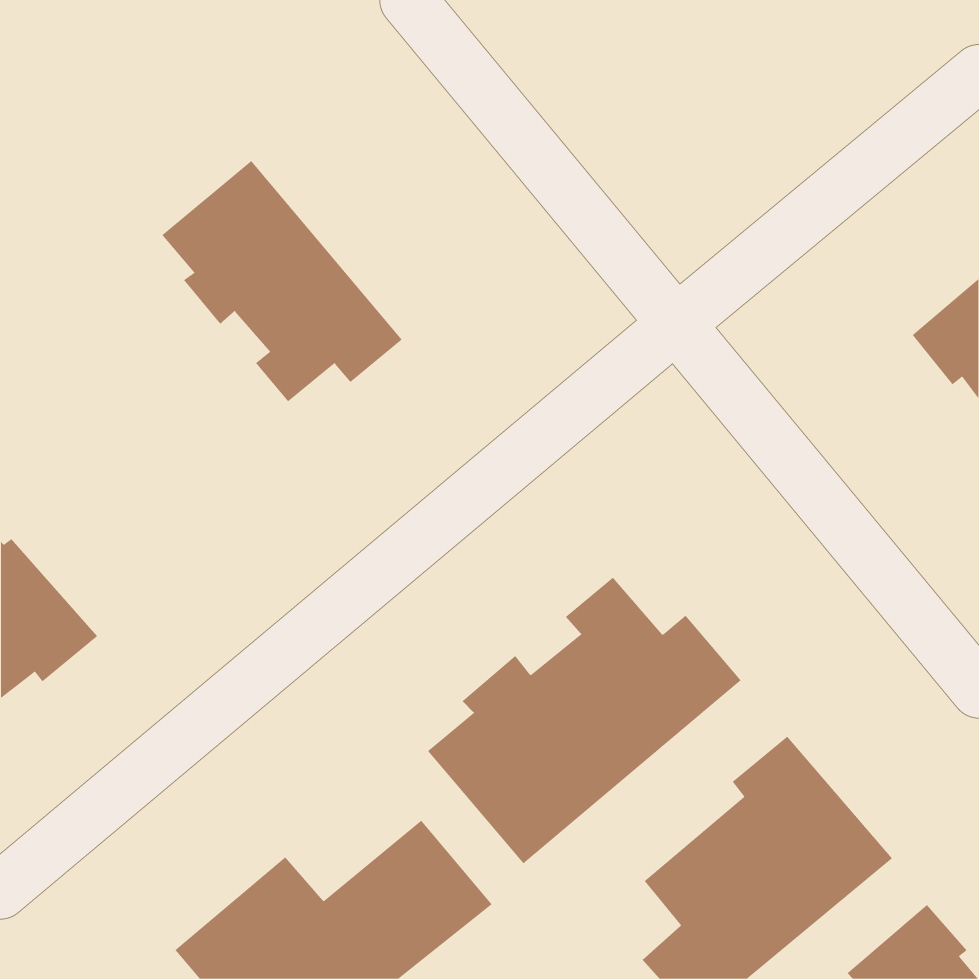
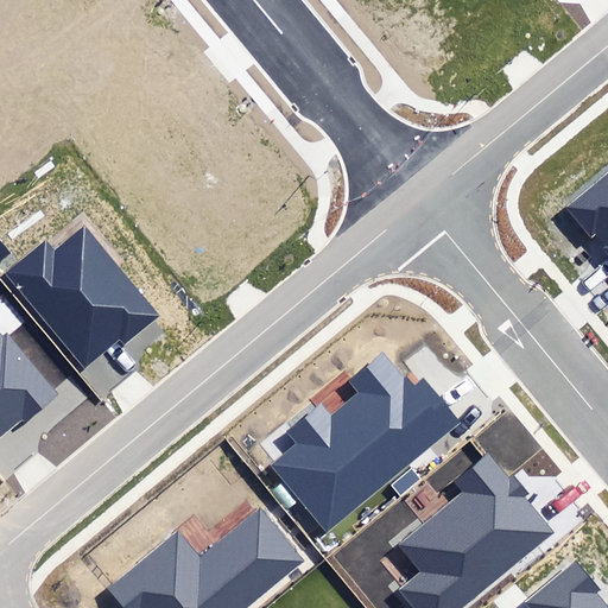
building: [162,160,402,402] -> none
building: none -> [5,224,160,369]

